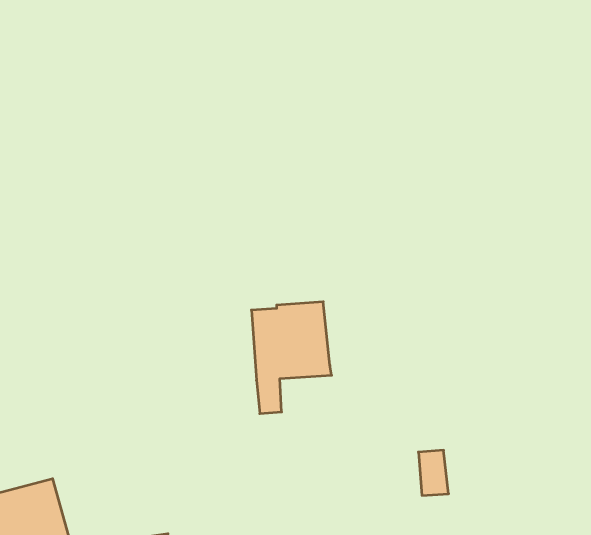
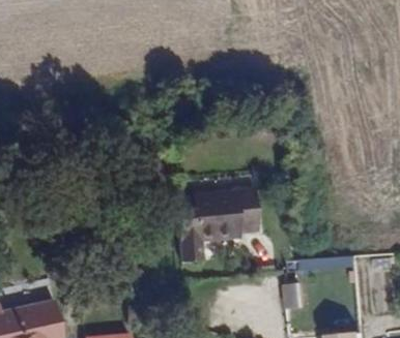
building: none -> [223,182,258,227]

